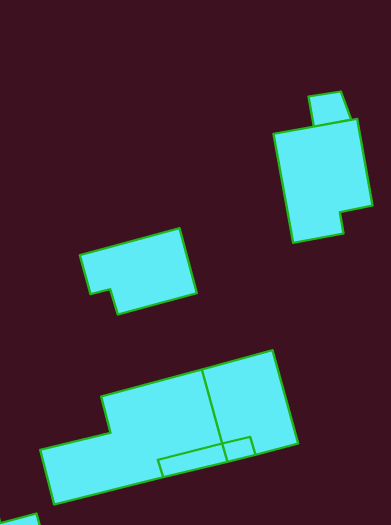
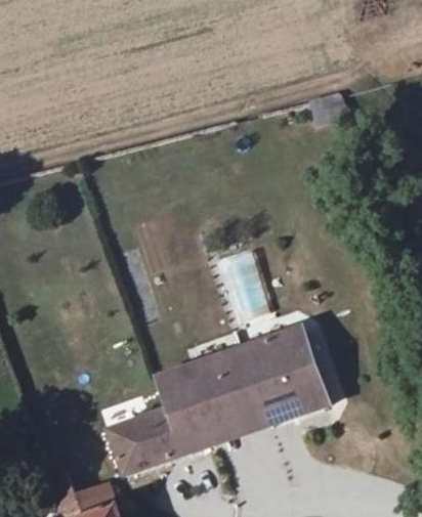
building: [273,119,373,243] -> none
building: [80,228,197,314] -> none

